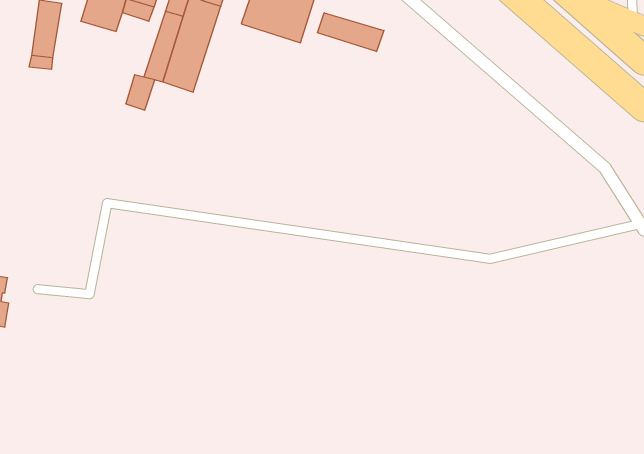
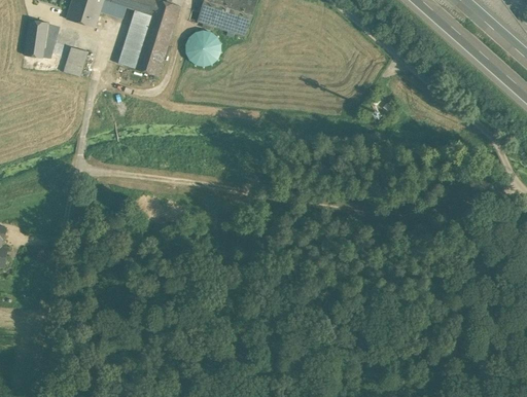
building: [317,13,384,52] -> none
building: none -> [184,35,217,68]
building: [126,75,155,110] -> [63,47,86,76]

